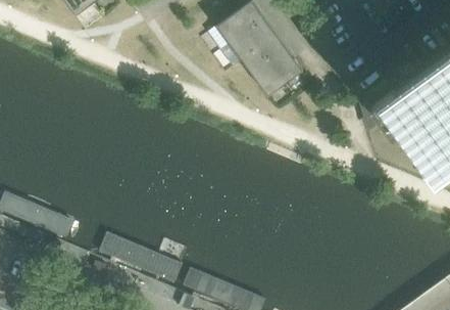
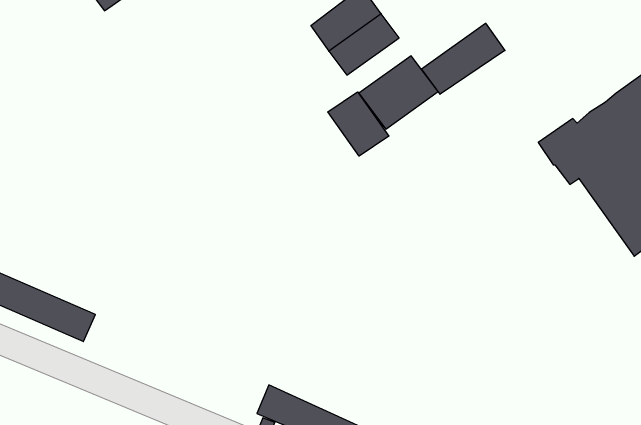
building: none -> [422,23,505,94]
building: none -> [328,92,389,156]
building: [96,232,181,287] -> none

